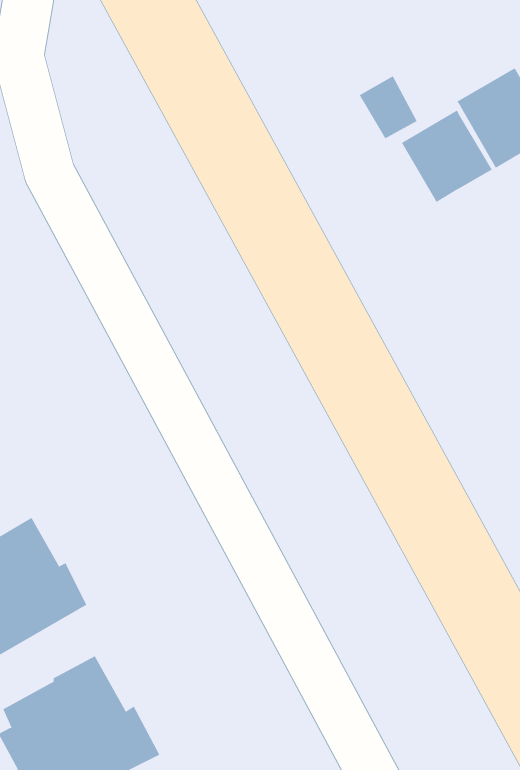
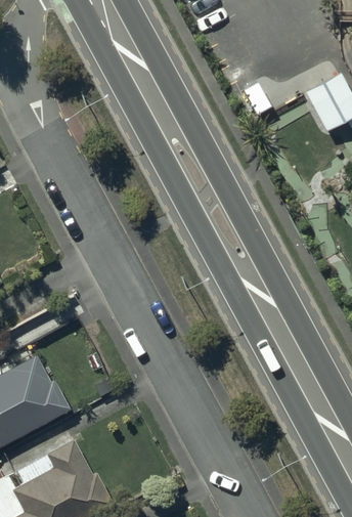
building: [401,110,492,203] -> none

